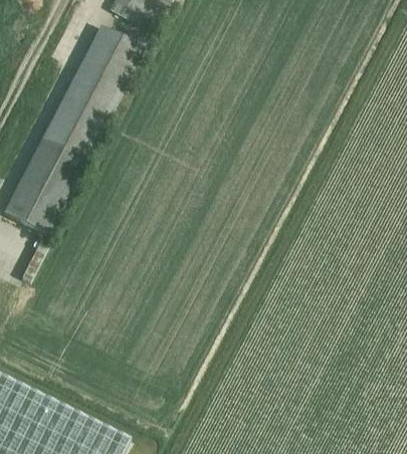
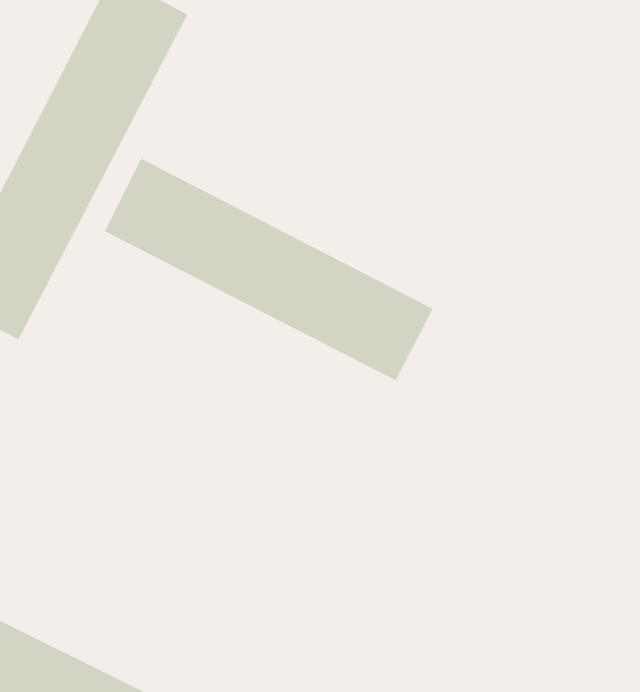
building: none -> [104,158,433,381]

